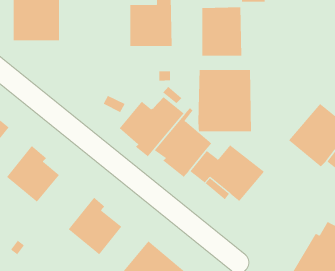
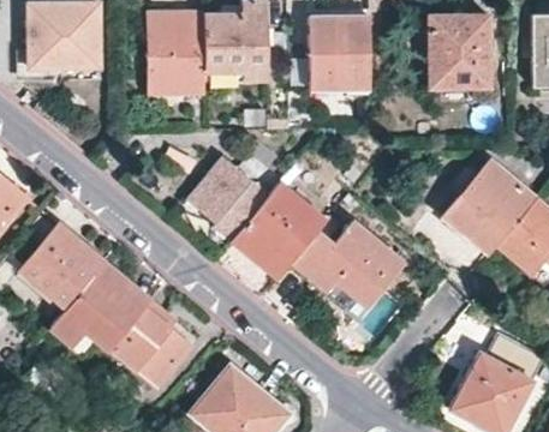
building: none -> [148,14,203,97]
building: none -> [430,17,491,86]
building: [198,69,251,132] -> none
building: none -> [52,262,145,350]

